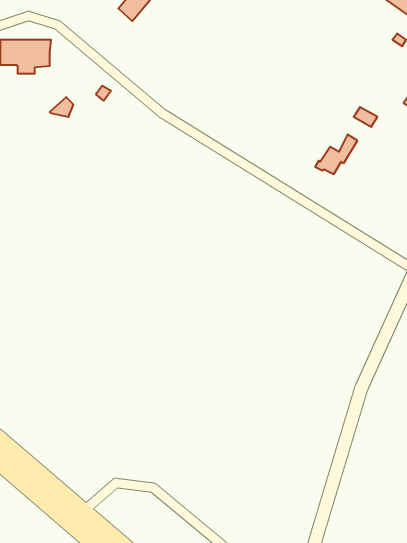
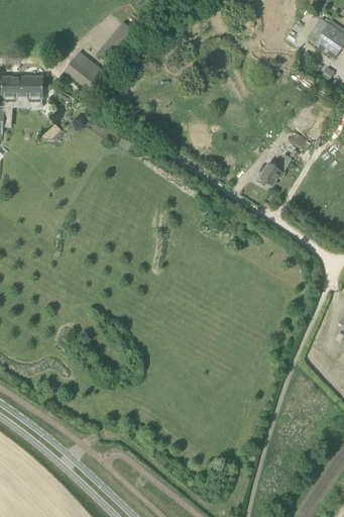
building: none -> [65,50,105,90]

